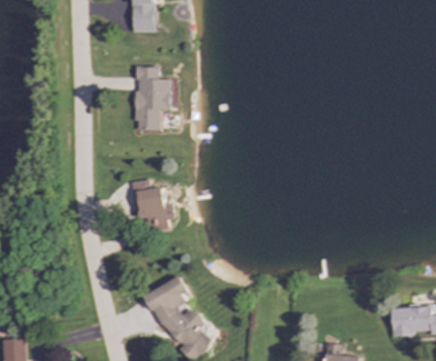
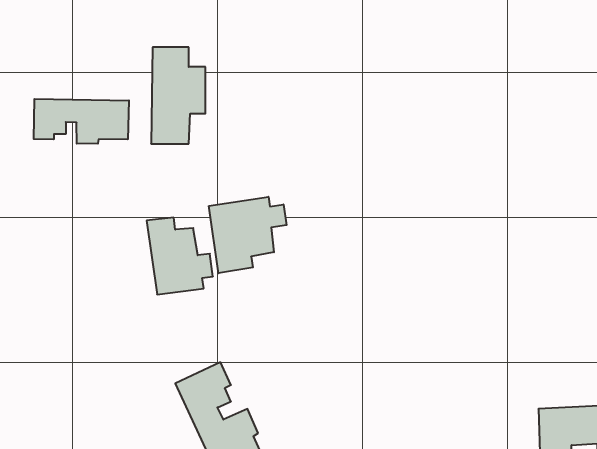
building: none -> [34,99,129,144]
building: none -> [209,197,287,273]

